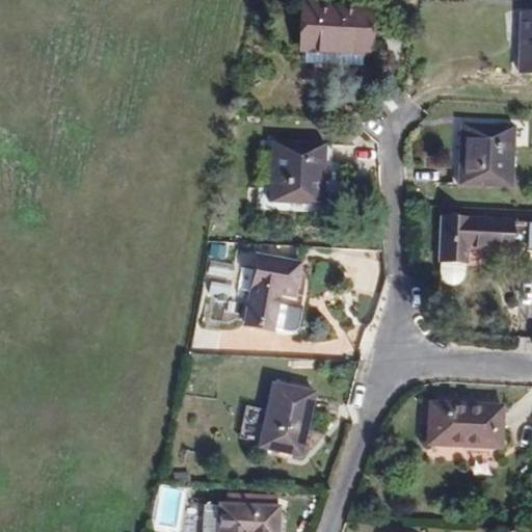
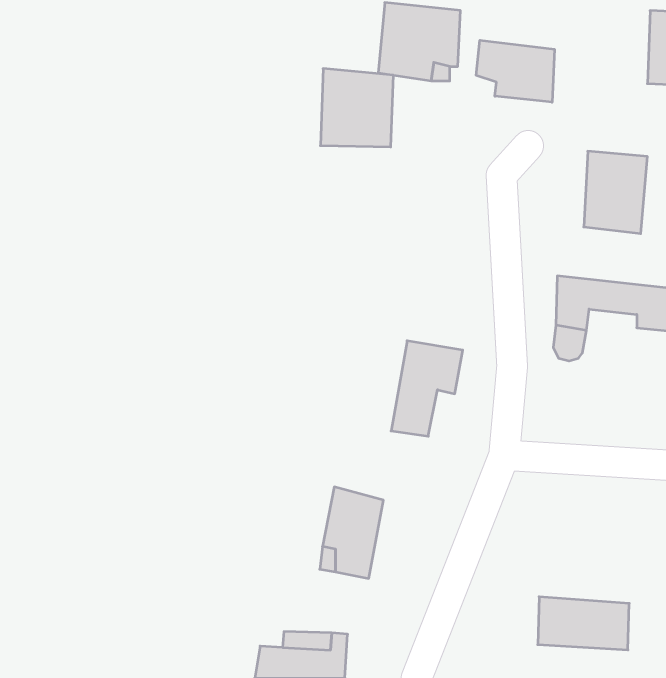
building: none -> [476,40,554,102]
building: [271,133,328,194] -> [320,69,393,147]
building: [242,260,298,335] -> [391,341,463,436]
building: [425,406,497,448] -> [538,597,629,650]

